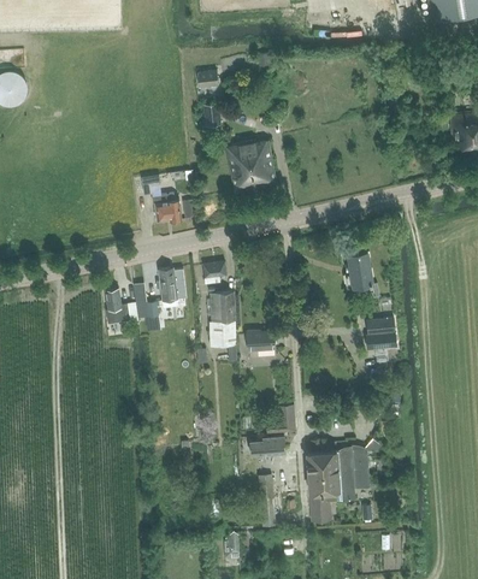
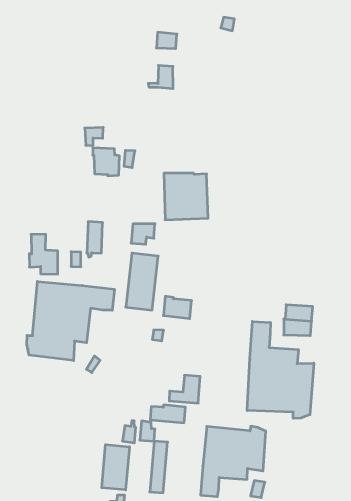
building: [226,140,277,191] -> [164,173,208,220]
building: [346,252,372,289] -> none
building: none -> [27,281,114,361]
building: none -> [247,321,314,418]
building: none -> [102,445,129,490]

